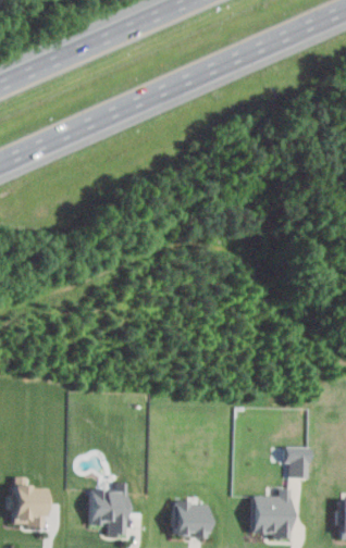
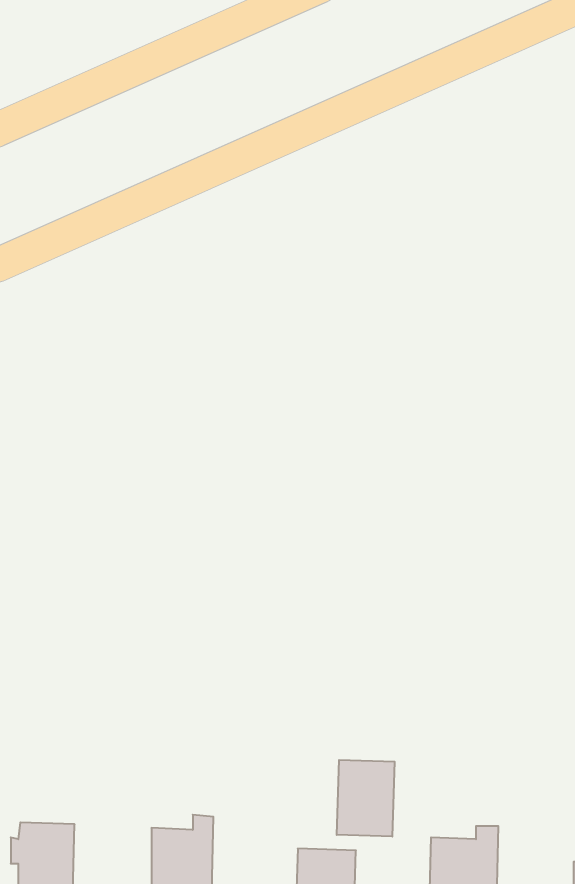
building: [284,446,309,477] -> none
building: none -> [337,760,395,837]

